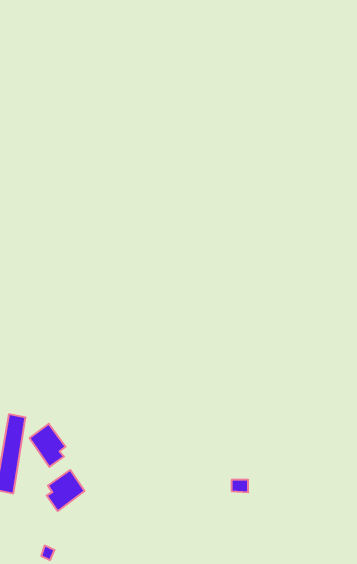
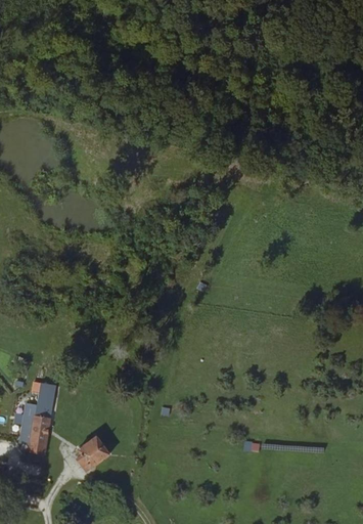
building: [30,424,66,467] -> none

